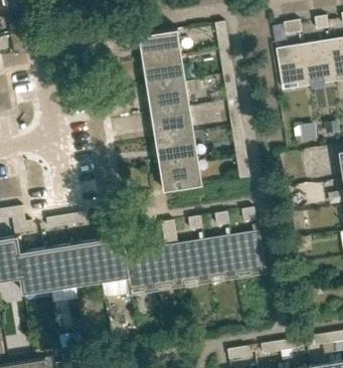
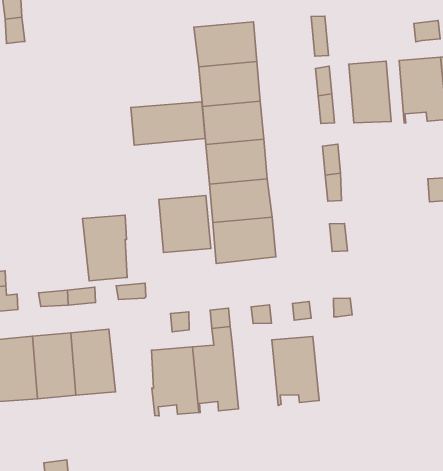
building: none -> [349,61,391,123]
building: none -> [131,102,205,145]
building: none -> [159,195,211,252]
building: [230,231,266,279] -> none
building: [95,236,127,282] -> [83,215,127,281]
building: [177,240,210,288] -> none

